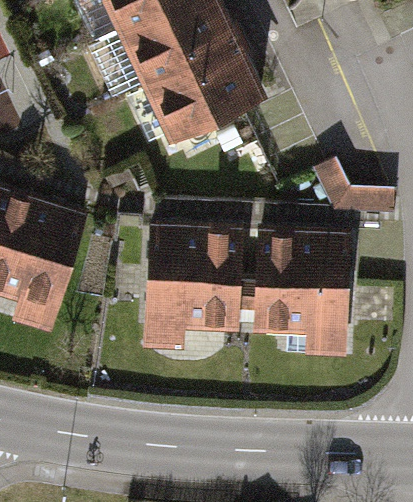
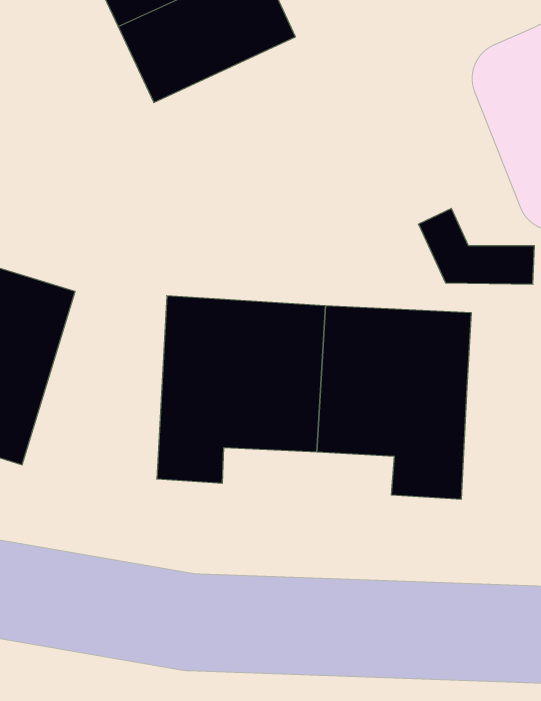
building: [136,37,260,136] -> none

